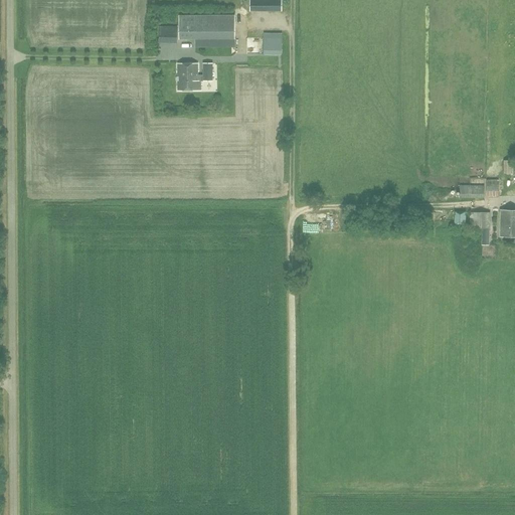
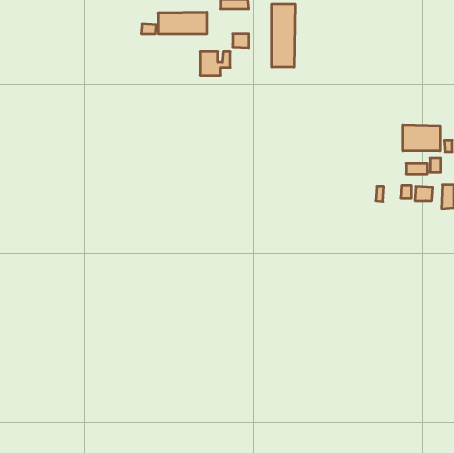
building: none -> [272,4,295,67]
building: [178,62,212,90] -> [200,52,230,75]
building: none -> [403,125,440,151]

